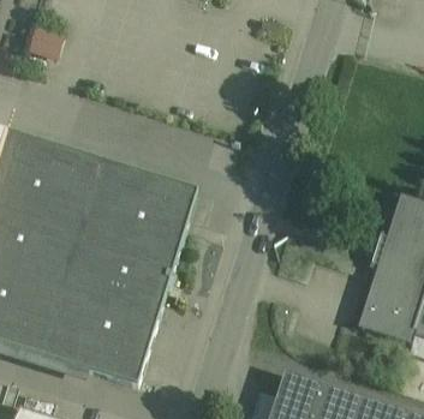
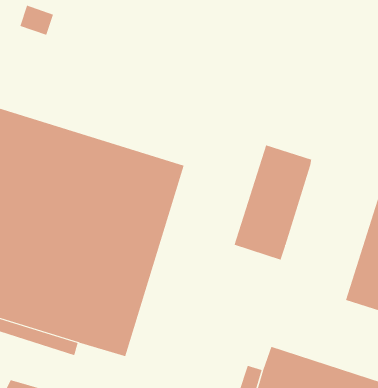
building: none -> [234,144,312,260]

